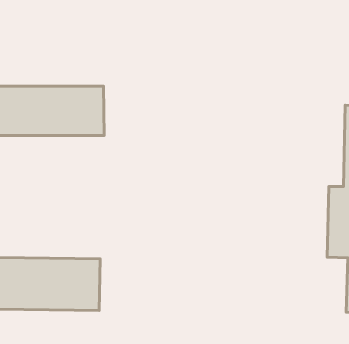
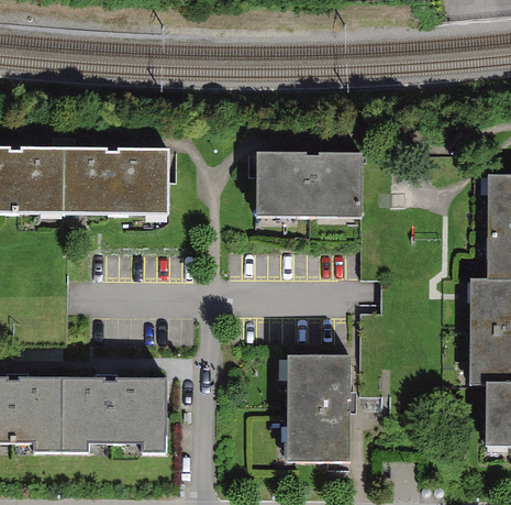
building: none -> [256,150,364,217]
building: none -> [287,355,351,459]

